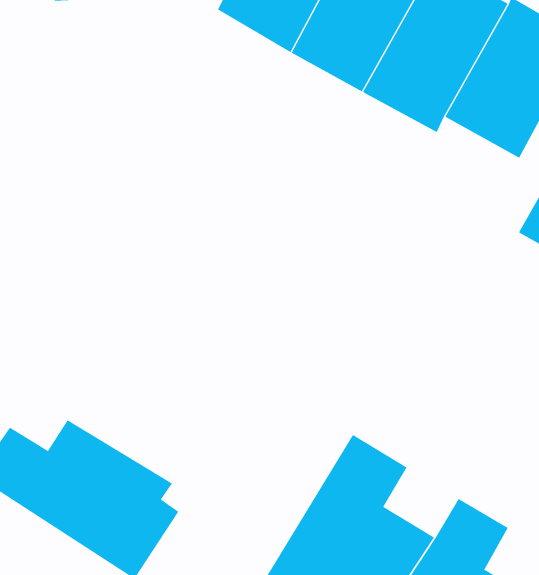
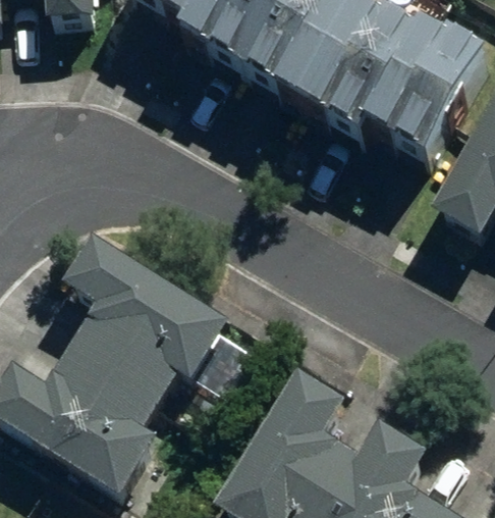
building: none -> [52,258,213,414]

